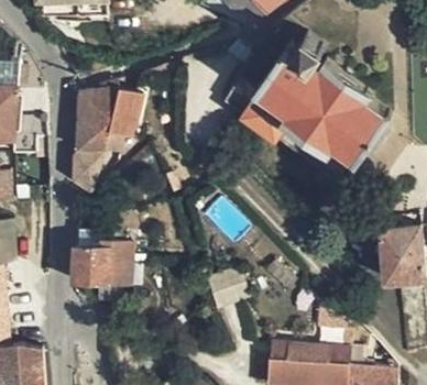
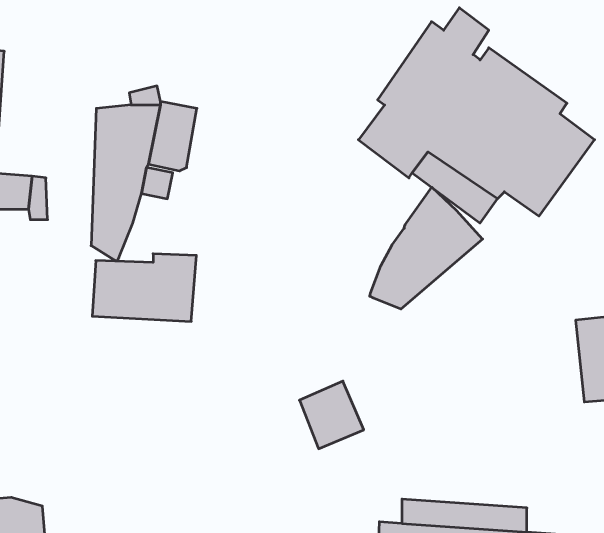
building: none -> [370,187,483,309]
building: [72,242,138,285] -> [92,254,196,321]

